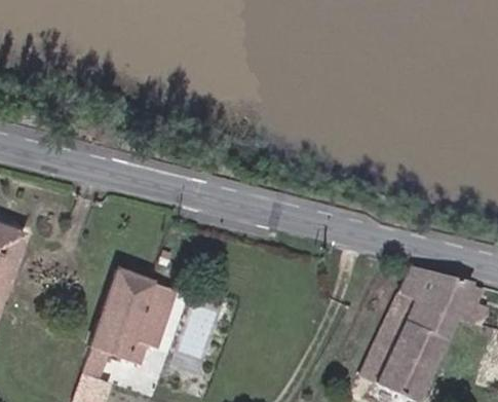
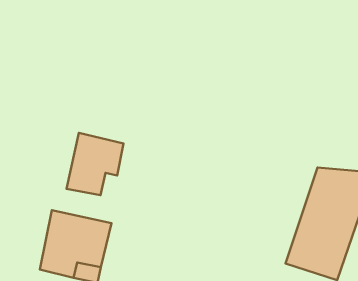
building: none -> [67,133,123,195]

